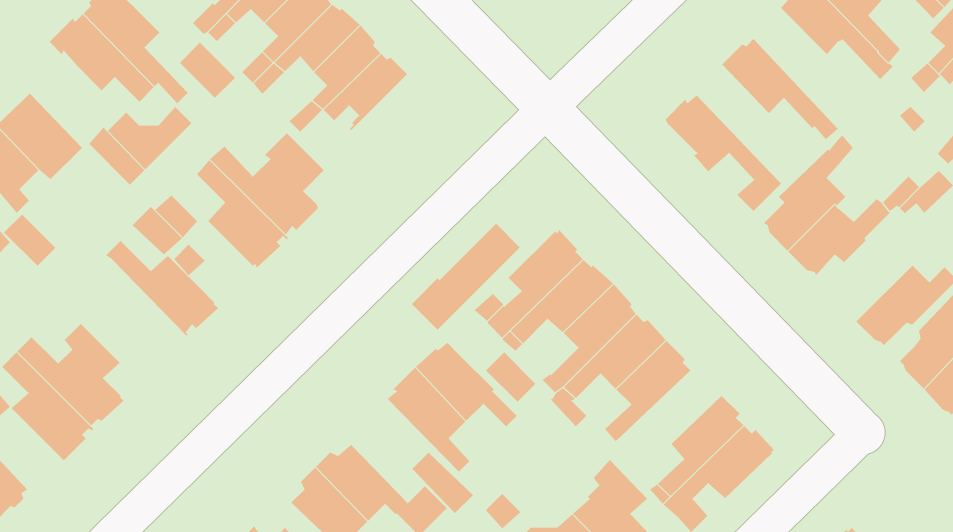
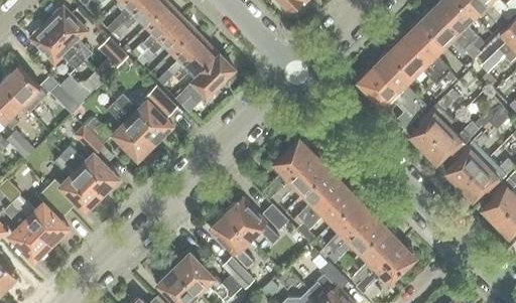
building: none -> [405,20,457,85]
building: none -> [375,50,427,114]
building: none -> [446,132,490,187]
building: [411,223,521,331] -> [175,55,234,113]
building: none -> [46,154,103,211]
building: none -> [329,213,388,262]

